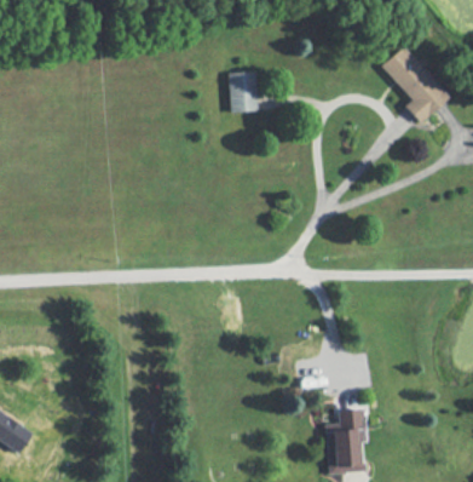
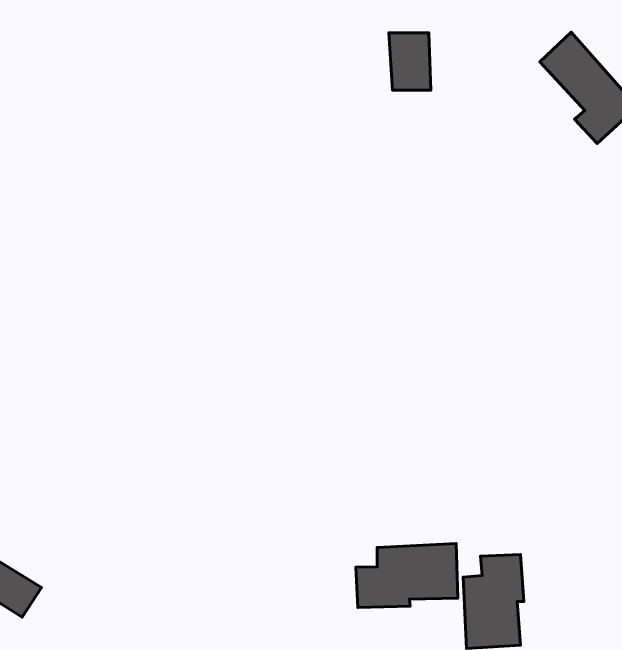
building: [230,73,259,113] -> [389,33,431,90]
building: none -> [356,544,458,607]

